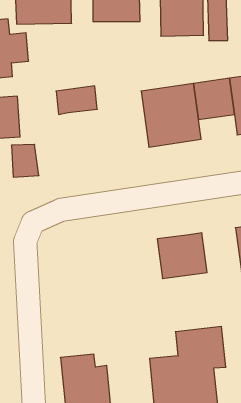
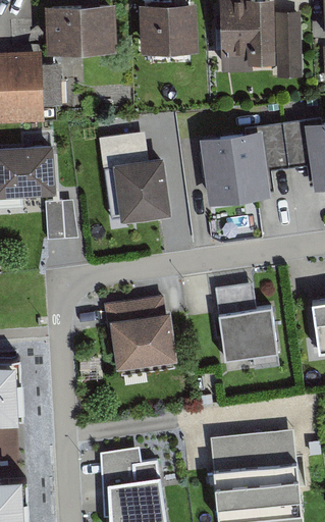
building: none -> [112,156,170,220]
building: none -> [214,282,256,313]
building: none -> [111,297,172,372]

